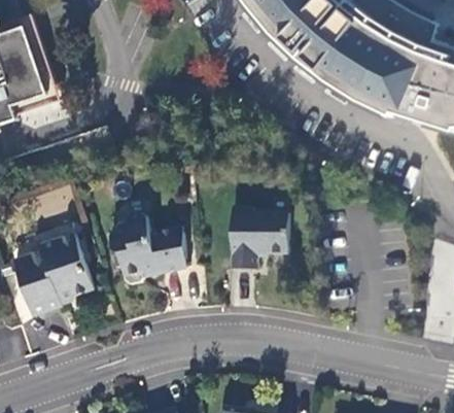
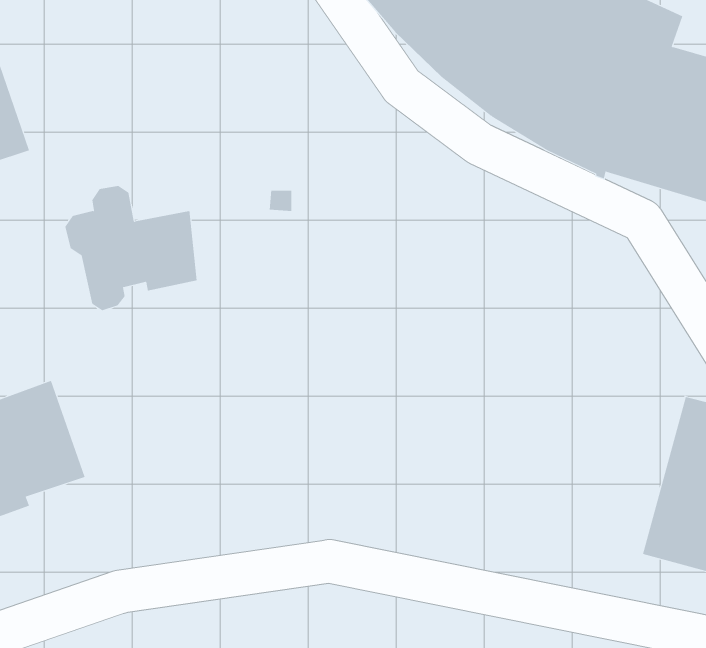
building: [231,207,287,268] -> none
building: [109,212,185,284] -> [65,185,197,311]

